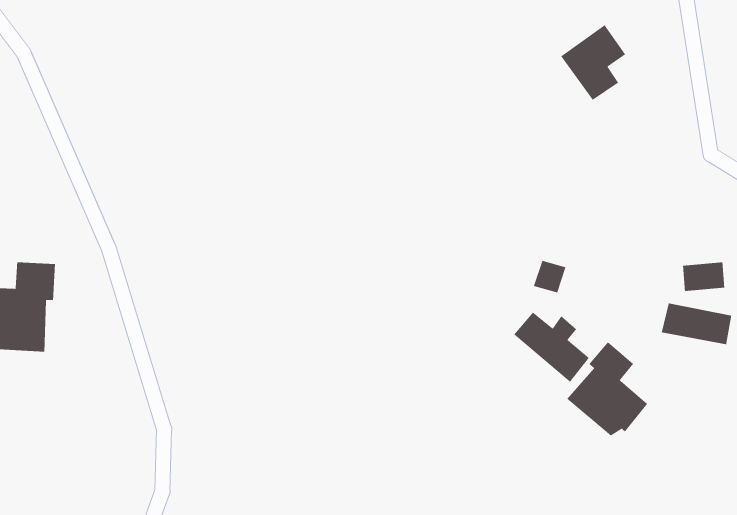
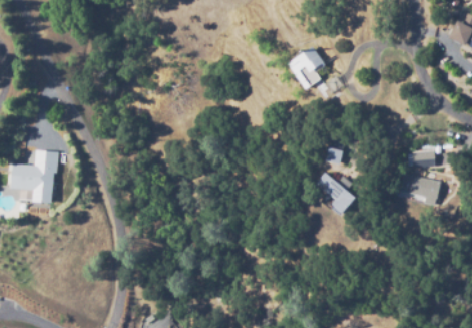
building: [560,24,626,101] -> [287,46,324,89]
building: [566,341,648,436] -> none

